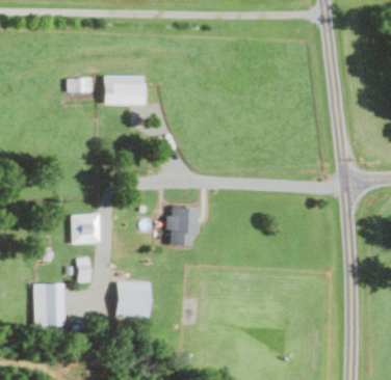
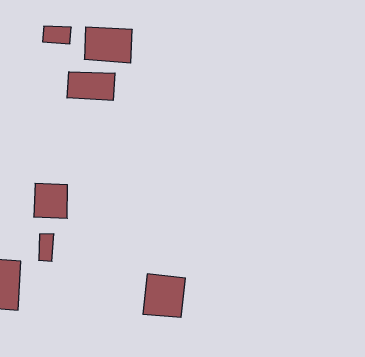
building: none -> [67,72,115,100]
building: [166,207,198,245] -> none
building: [116,281,151,317] -> [143,274,185,317]

